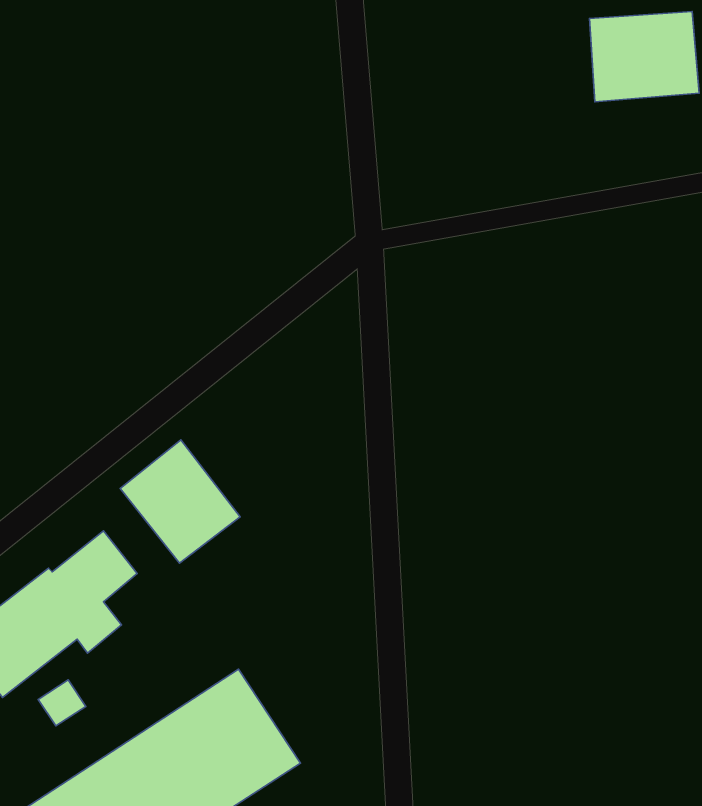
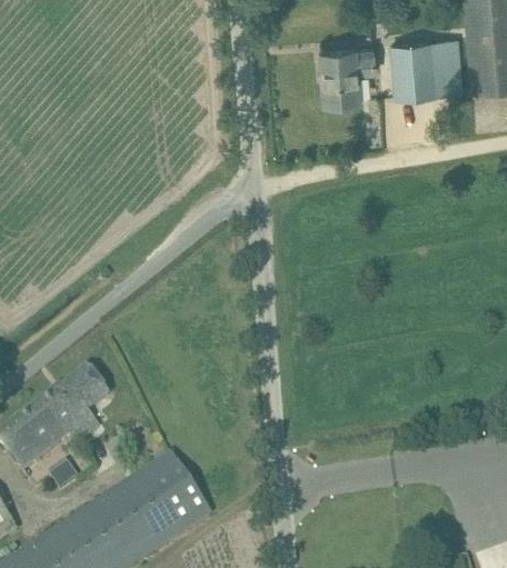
building: none -> [320,47,375,102]
building: [120,440,240,563] -> none

